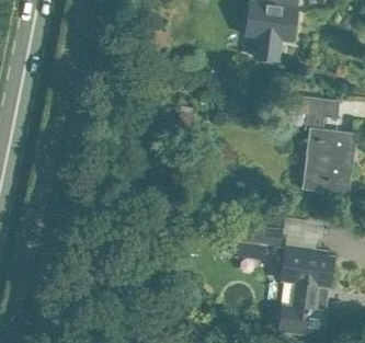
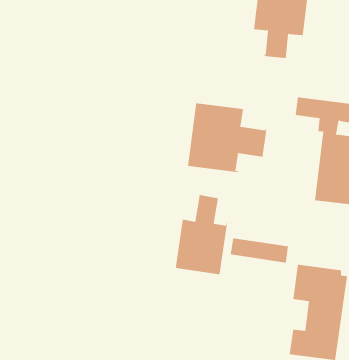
building: none -> [188,103,267,173]
building: none -> [175,194,227,275]

